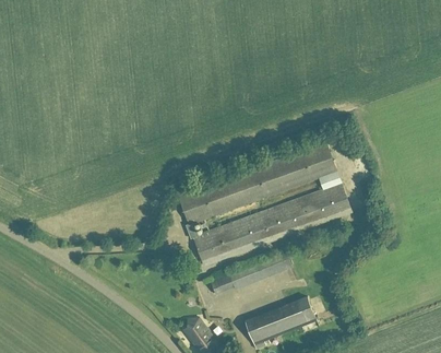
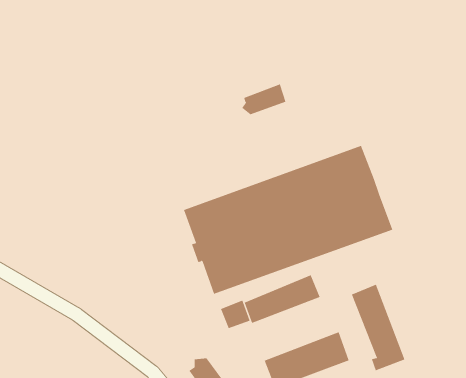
building: none -> [241,83,286,115]
building: none -> [351,284,405,371]

